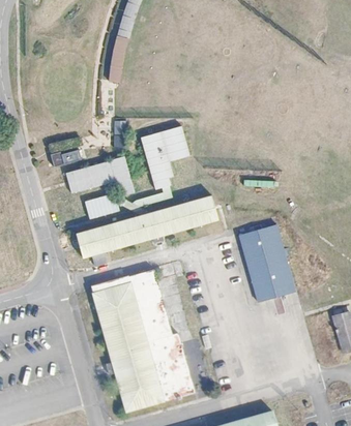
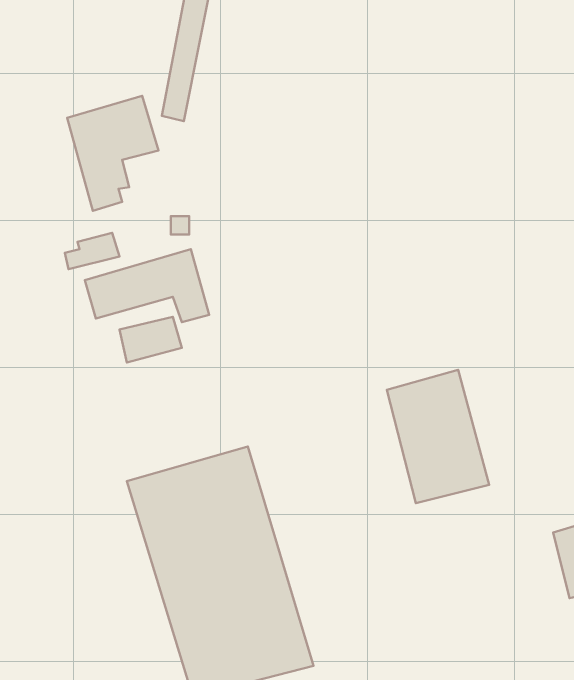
building: [140,125,192,190] -> [67,96,159,211]
building: [77,194,220,260] -> none

